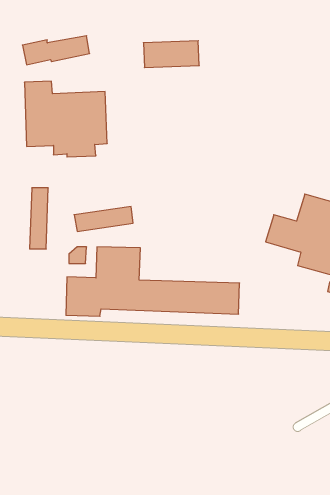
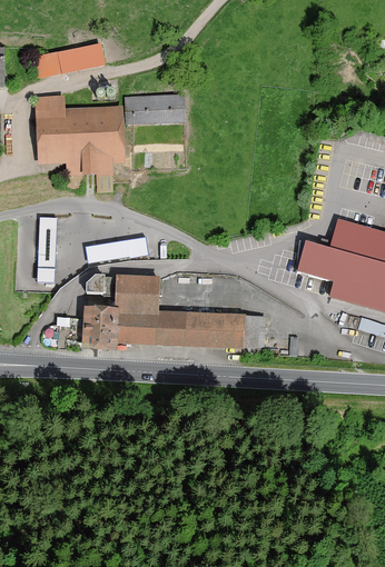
building: [143,41,199,68] -> [125,96,185,125]

